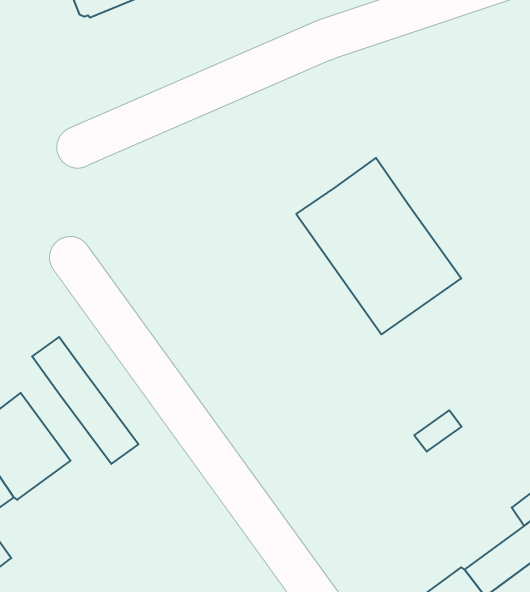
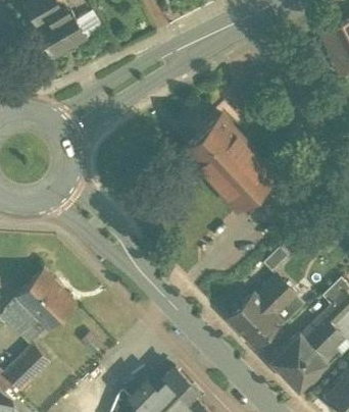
building: [32,337,138,464] -> none
building: none -> [228,276,305,348]

